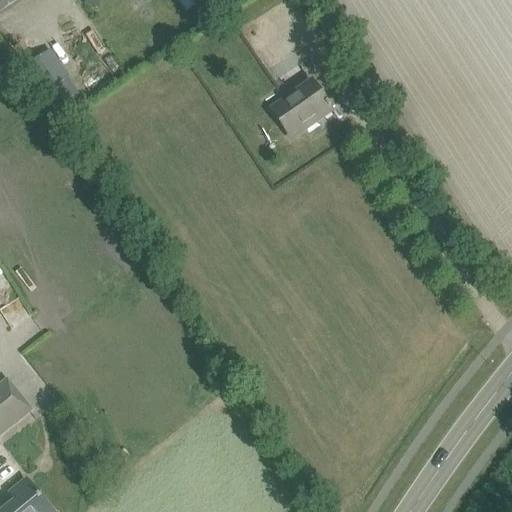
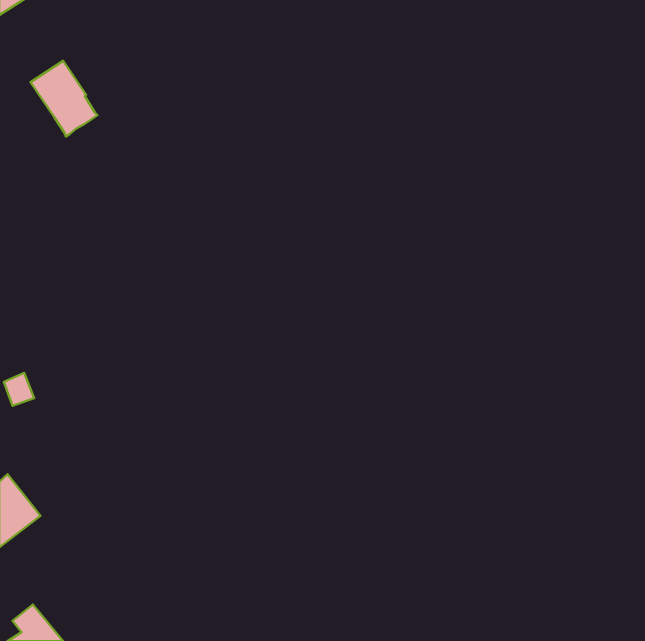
building: [271,79,331,133] -> none

